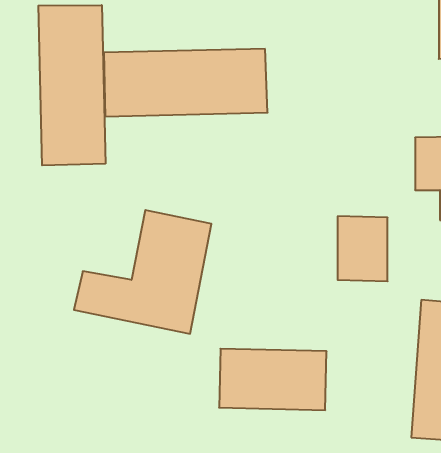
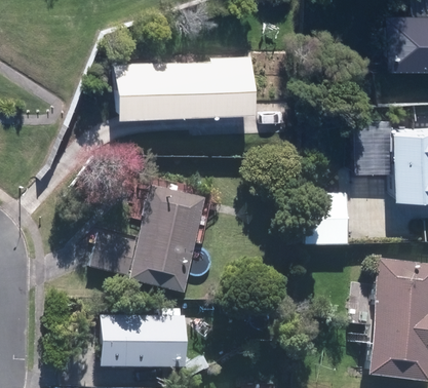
building: [38,5,105,165] -> none
building: [219,349,327,410] -> [101,319,189,370]

